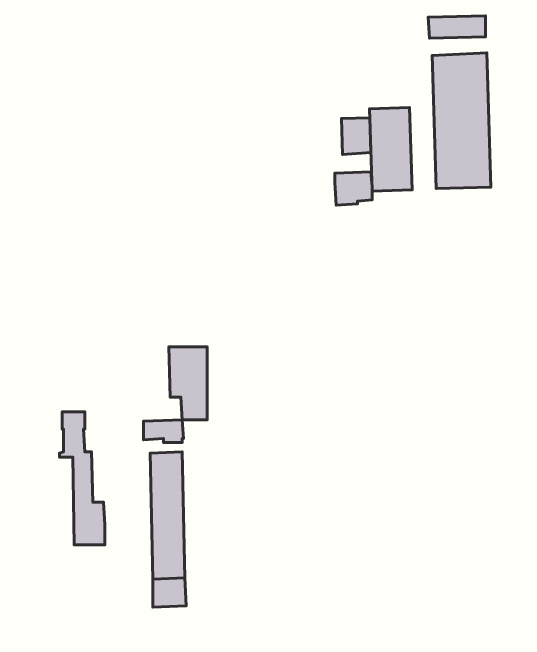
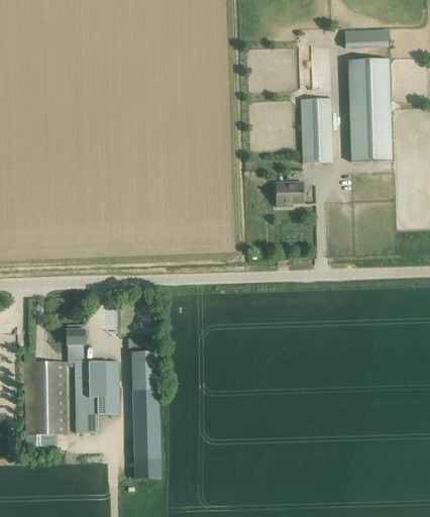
building: [341,118,371,154] -> none
building: [335,172,372,205] -> [276,181,304,206]
building: [169,347,207,420] -> [89,360,118,416]
building: none -> [25,361,67,448]

